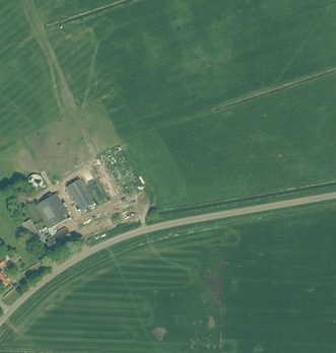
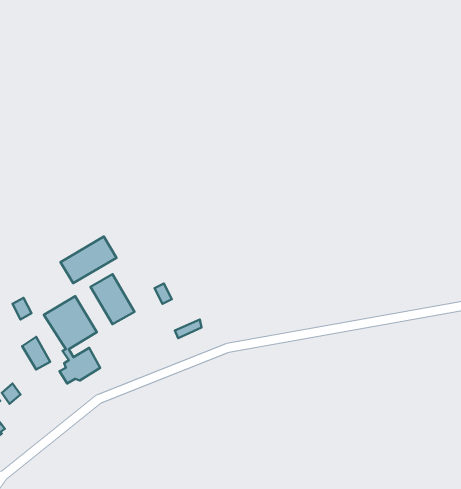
building: none -> [60,237,117,283]

